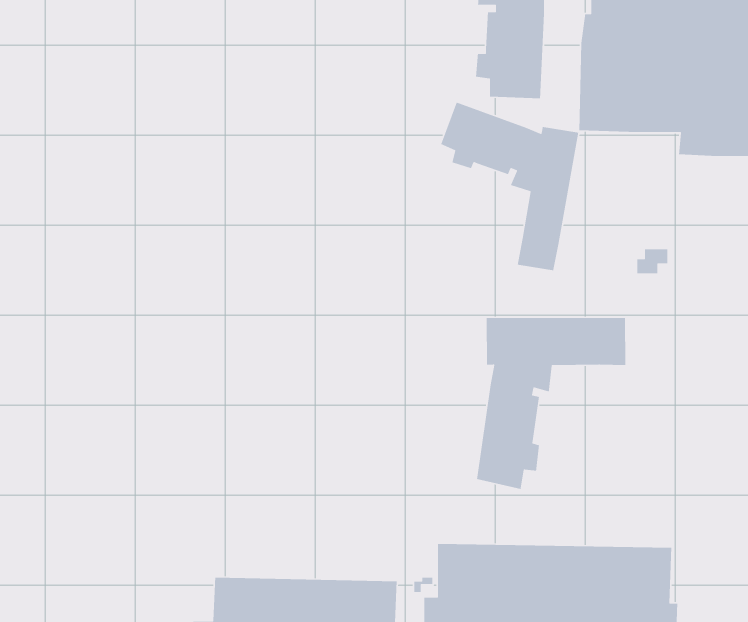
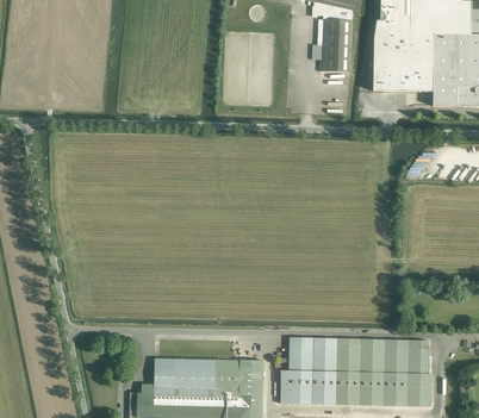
building: [440,101,579,271] -> none
building: [476,317,626,490] -> none

